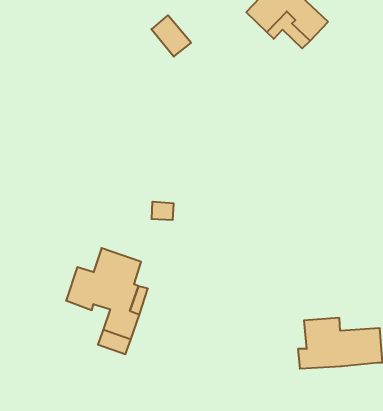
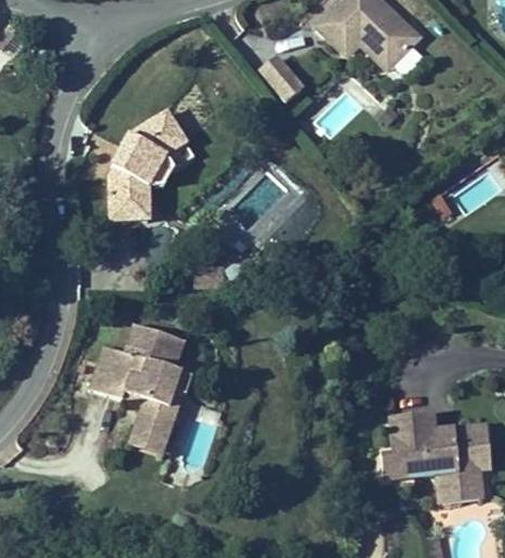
building: [151,15,191,57] -> [256,51,306,104]
building: none -> [107,107,195,220]
building: none -> [437,468,485,499]

